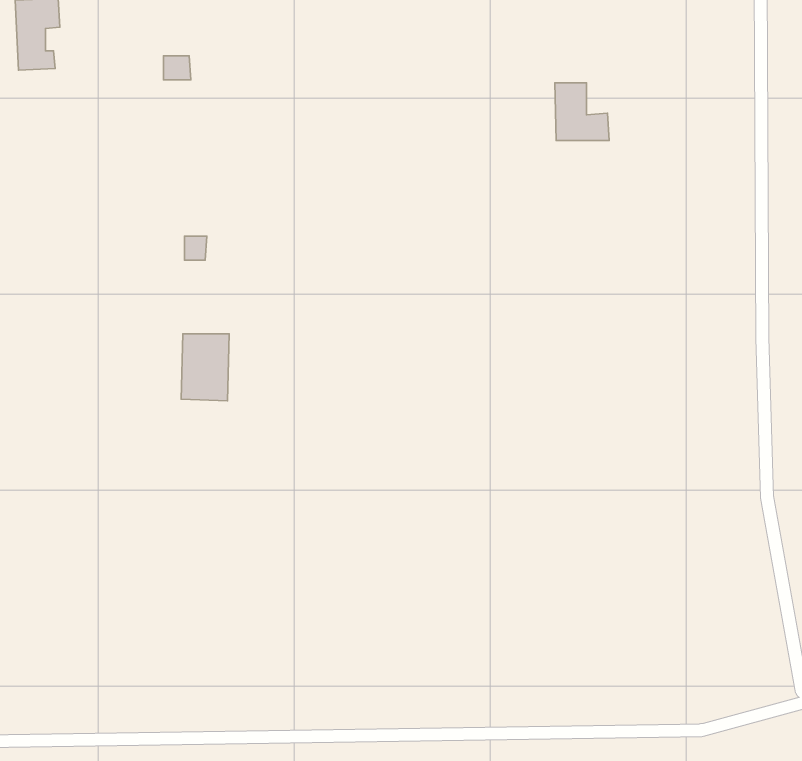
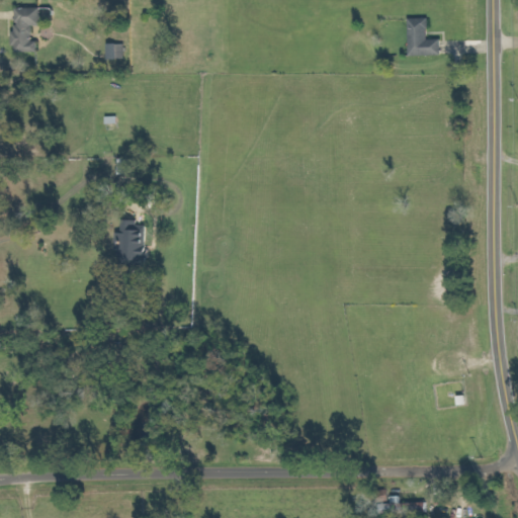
building: [555,83,609,140] -> [404,18,438,55]

